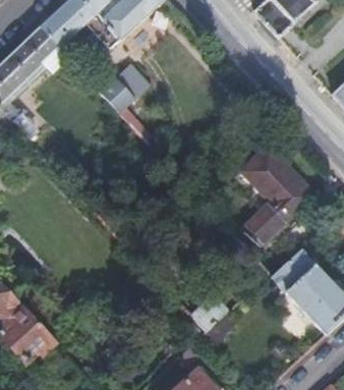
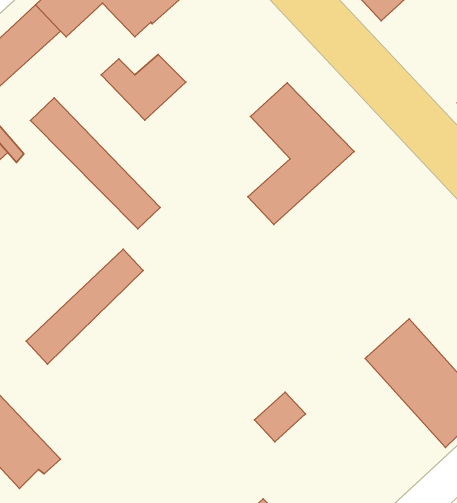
building: none -> [30,98,160,229]
building: [239,147,313,245] -> [248,83,354,225]
building: none -> [26,249,143,364]

